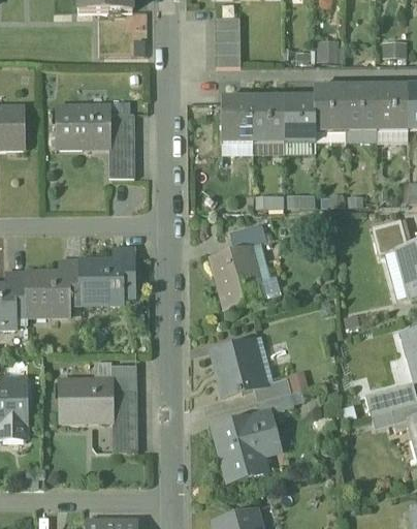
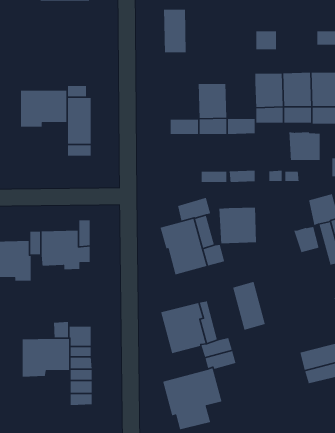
building: [283,97,315,136] -> none
building: [220,98,253,137] -> none
building: none -> [288,131,321,161]
building: none -> [218,207,257,244]
building: none -> [293,226,320,253]
building: none -> [232,281,266,331]

